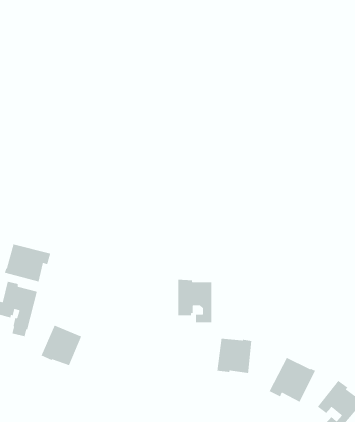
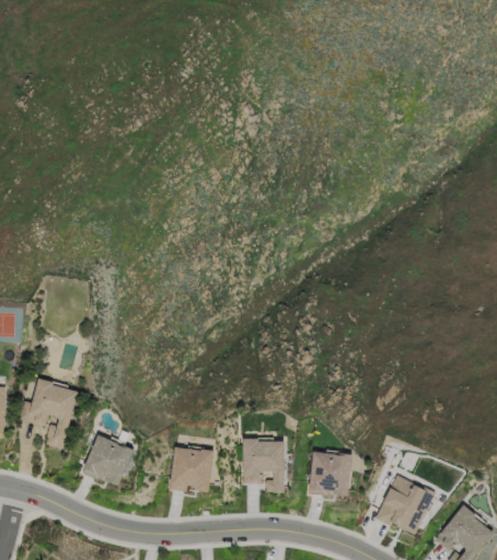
building: [4,243,51,282] -> none
building: [177,279,212,323] -> [242,435,287,492]
building: none -> [167,445,217,492]

